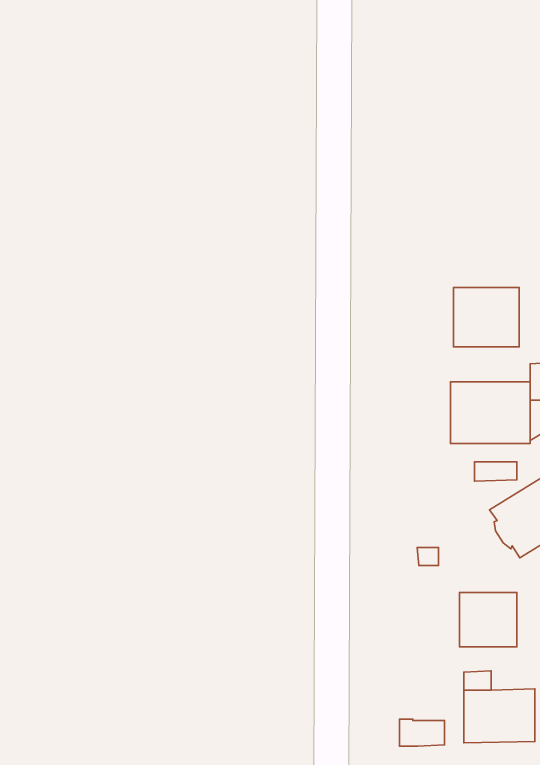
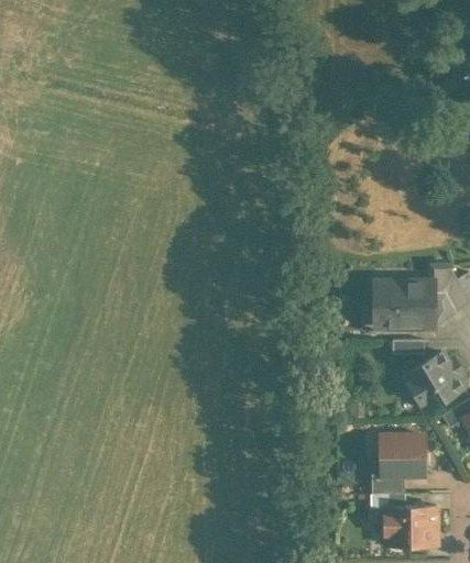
building: [453,288,519,347] -> none
building: [399,719,445,746] -> [371,474,404,494]

